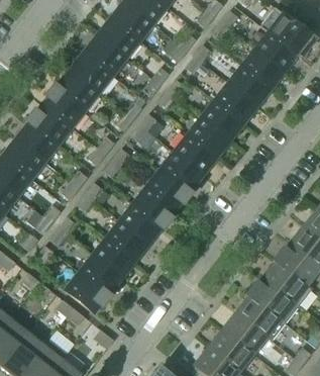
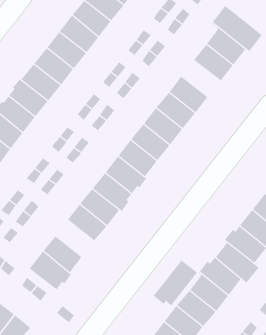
building: [227,67,271,107] -> none
building: [92,239,134,279] -> none
building: none -> [153,254,198,306]

